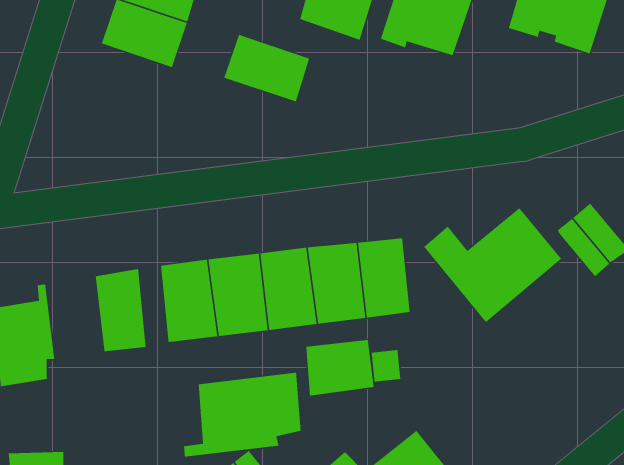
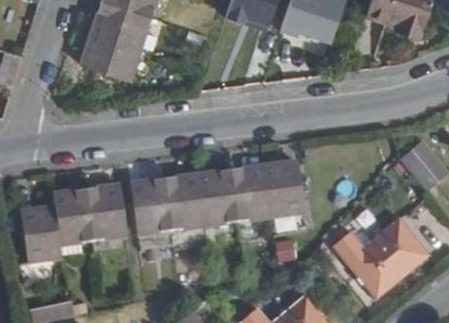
building: [223,34,310,103] -> [82,32,140,78]
building: [423,207,562,323] -> [334,218,428,296]
building: none -> [55,189,94,246]
building: [305,339,374,397] -> none
building: [183,372,301,457] -> none

